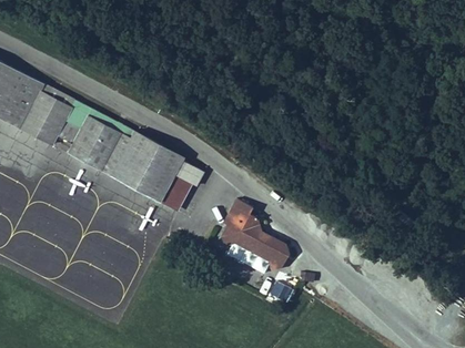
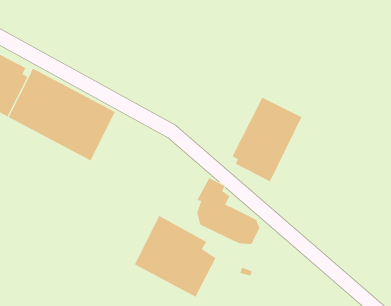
building: none -> [232,97,302,182]
building: [108,127,196,216] -> [134,215,216,297]

